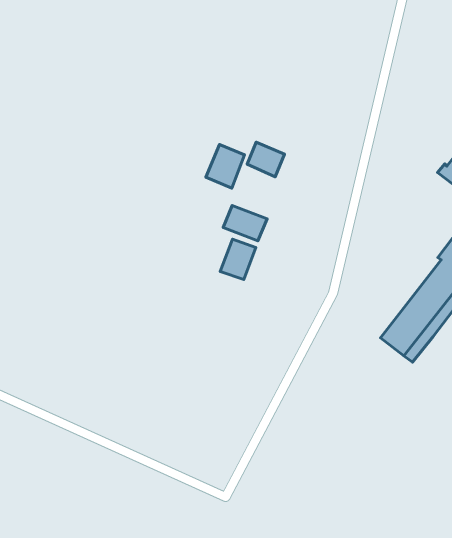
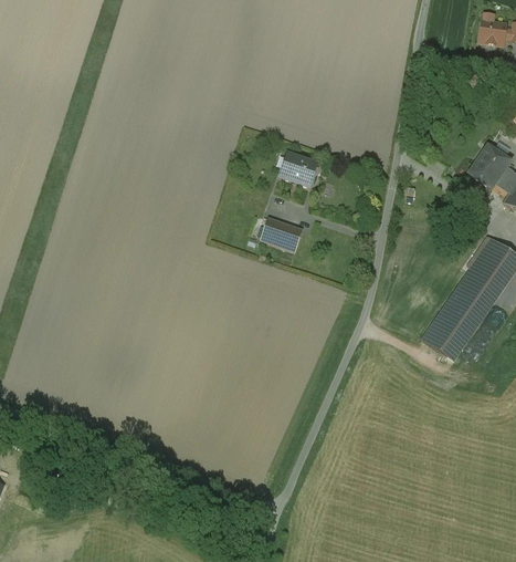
building: [206,145,244,188] -> none
building: [220,239,256,280] -> none

